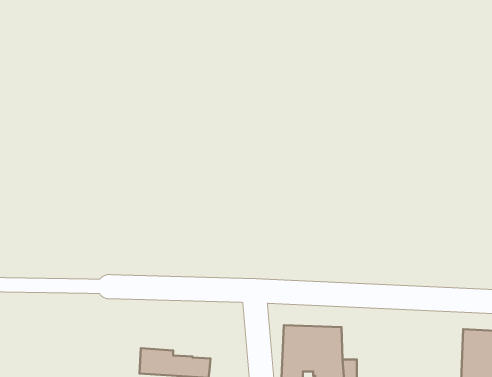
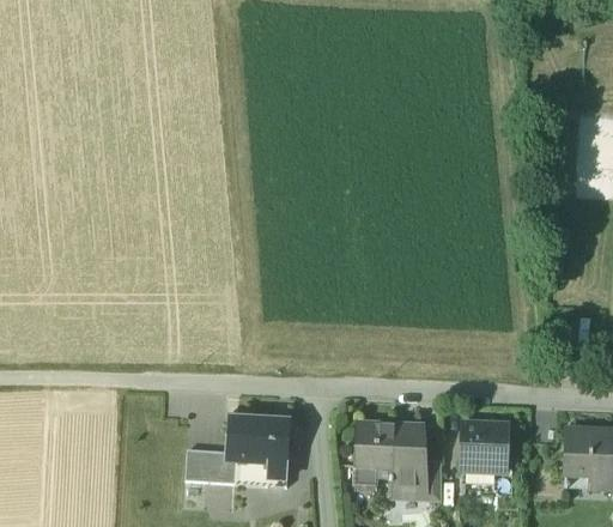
building: none -> [225,413,291,477]
building: none -> [461,423,509,470]

